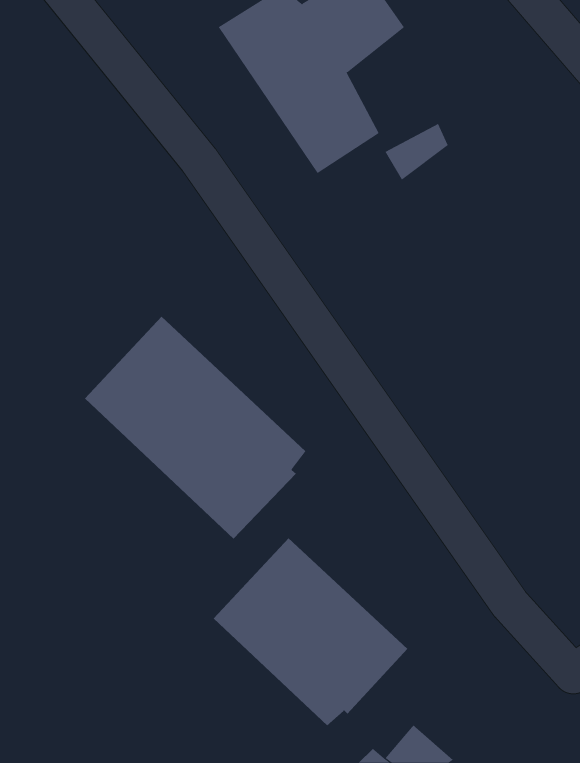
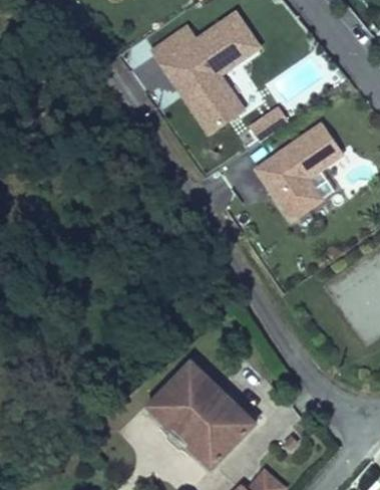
building: none -> [256,119,344,225]
building: [84,316,306,540] -> none

